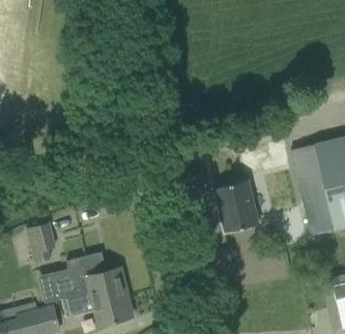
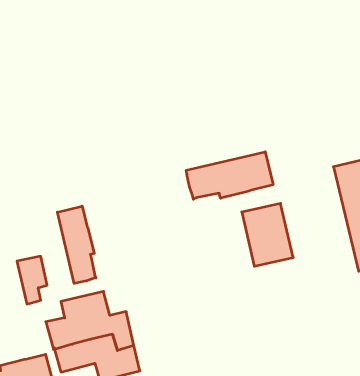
building: none -> [186,152,273,199]
building: none -> [57,206,96,283]

